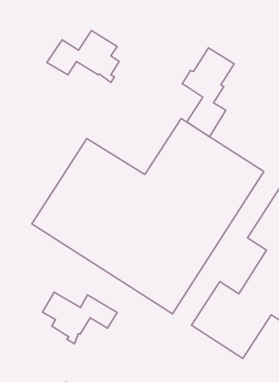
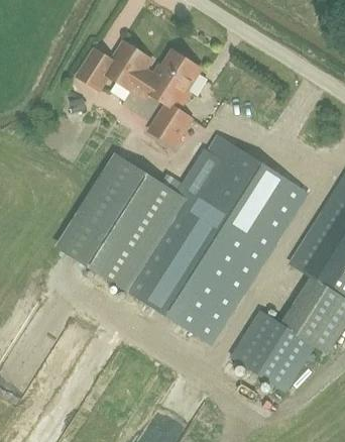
building: [182,48,234,137] -> [144,51,200,146]
building: [43,292,117,344] -> none

